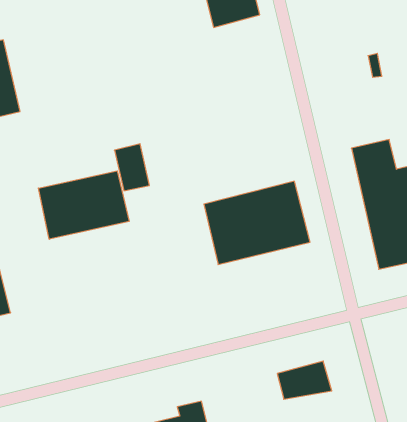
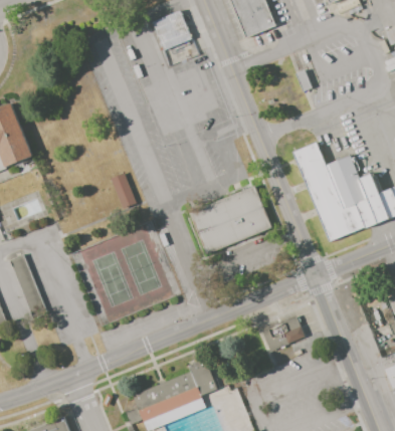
building: [38,171,129,239] -> none

